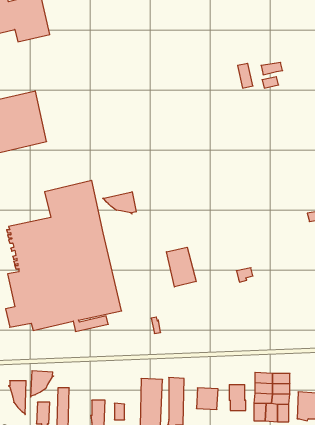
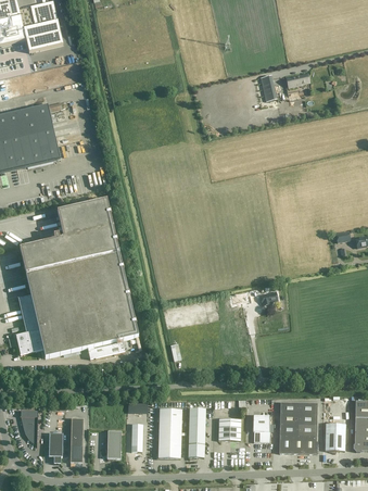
building: [103,192,136,214] -> none
building: [166,247,196,287] -> none
building: [31,371,54,397] -> none

